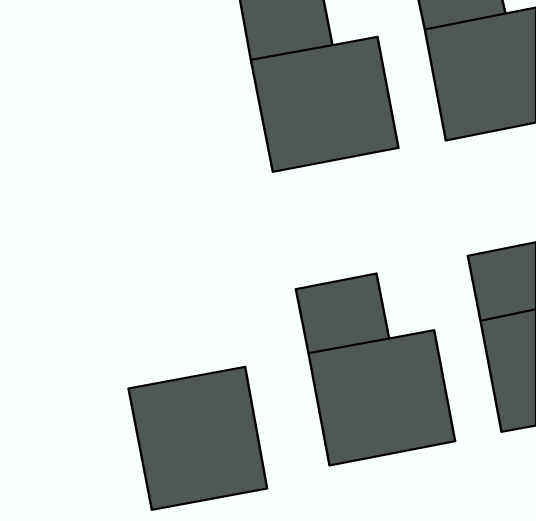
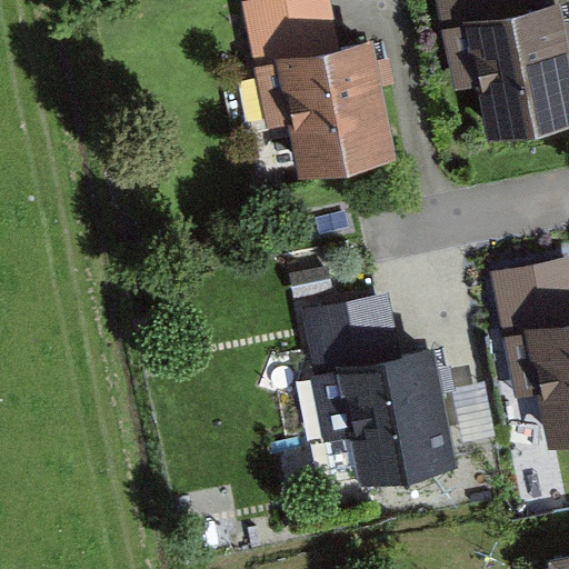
building: [129,367,267,510] -> none

